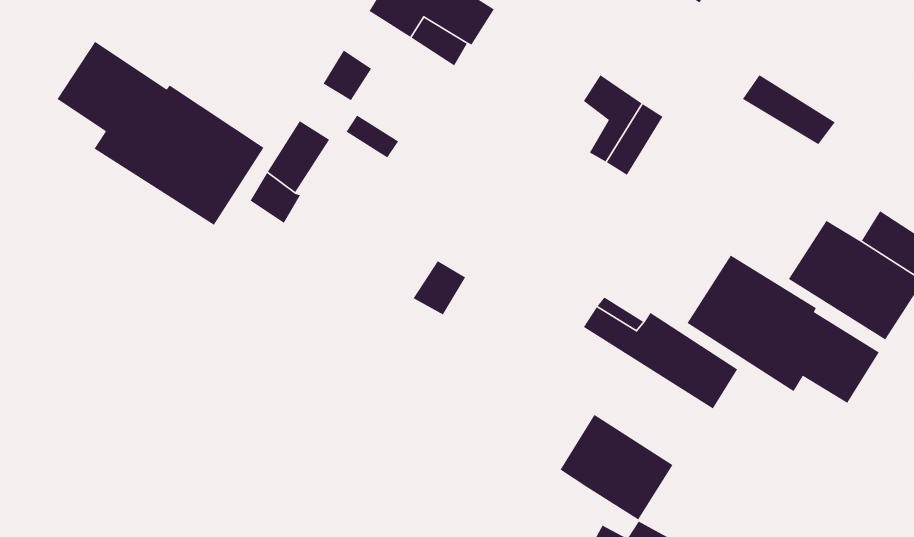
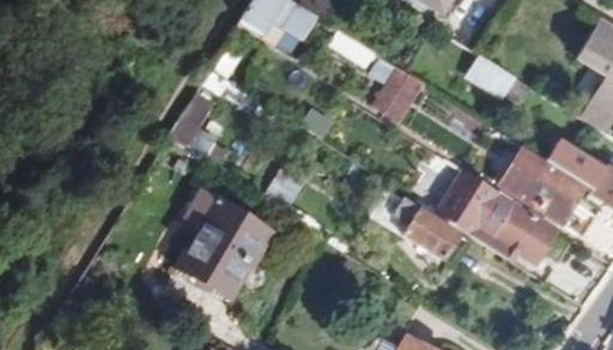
building: [57,41,265,226] -> none
building: none -> [177,188,274,300]
building: [559,414,673,521] -> none

